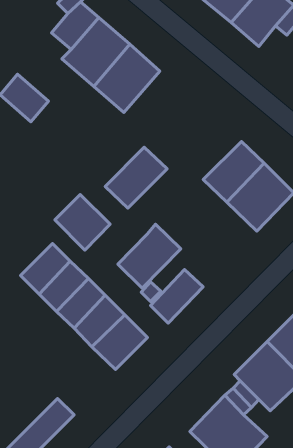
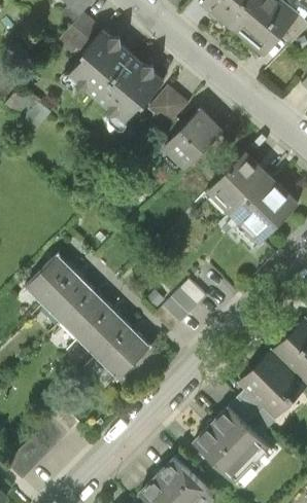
building: none -> [148,85,187,133]
building: [105,147,167,208] -> [163,107,225,168]
building: [55,194,110,250] -> none
building: [118,224,181,288] -> none

